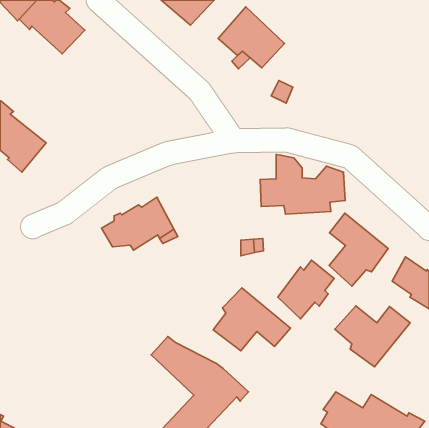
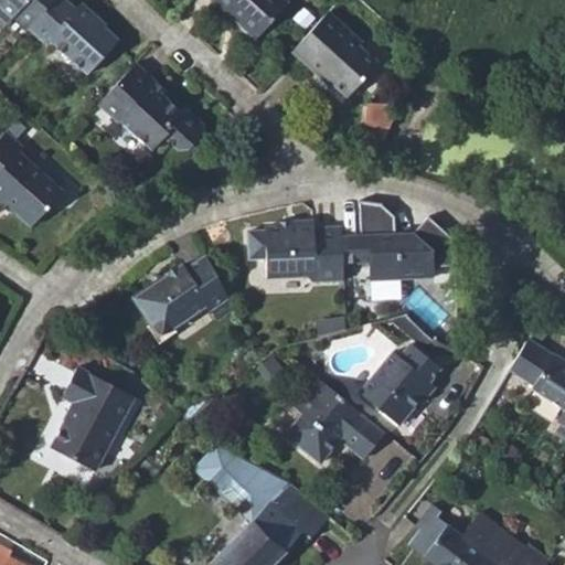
building: none -> [93,58,199,143]
building: none -> [250,222,344,287]
building: [329,213,388,286] -> none
building: none -> [56,366,139,467]
building: [335,306,410,367] -> none

